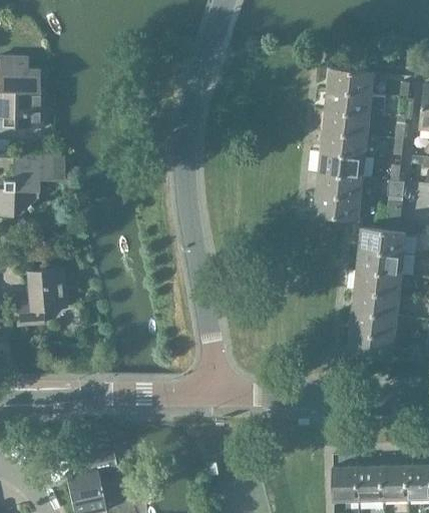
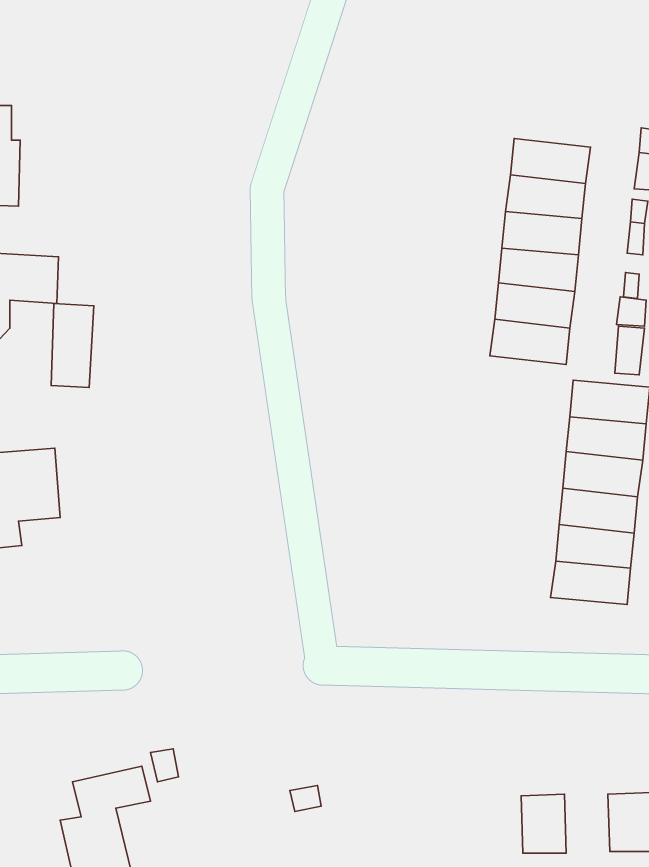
building: [328,68,374,94] -> none
building: none -> [51,304,94,387]
building: [357,467,383,501] -> none

